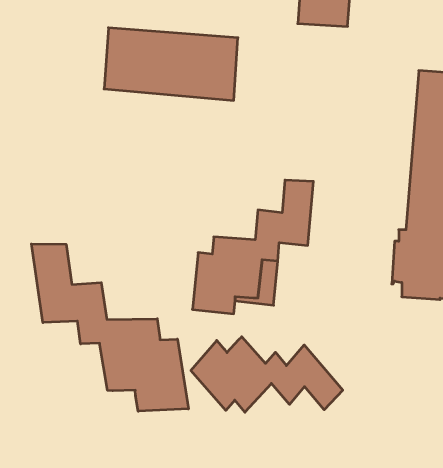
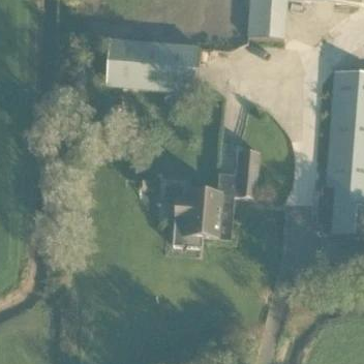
building: [31,244,188,411] -> none
building: [191,337,343,412] -> none

